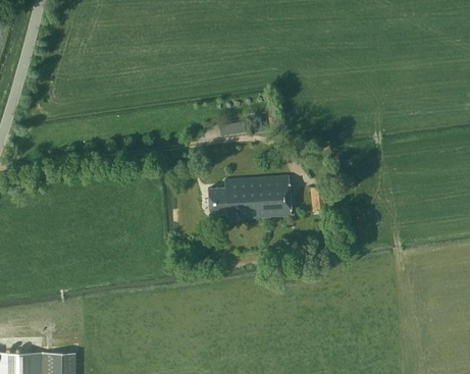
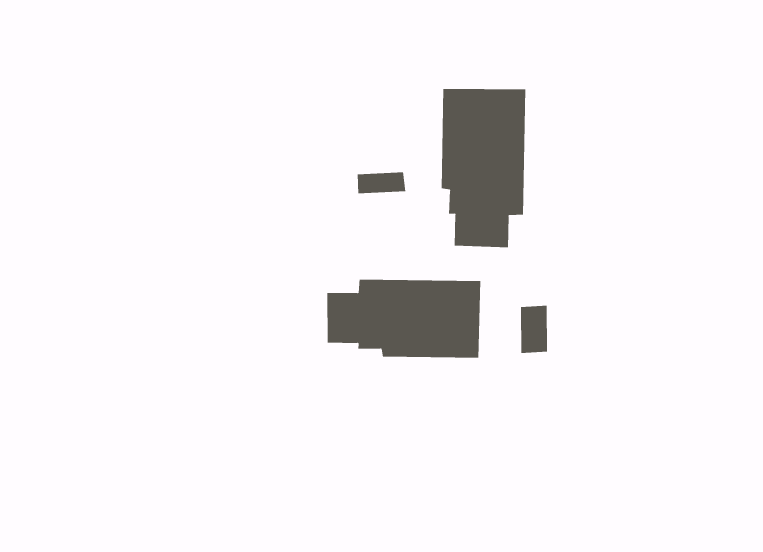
building: none -> [441,88,526,248]

